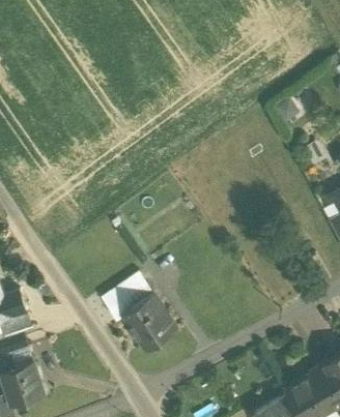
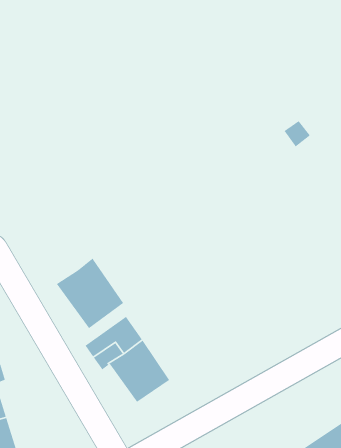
building: none -> [56,257,124,329]

